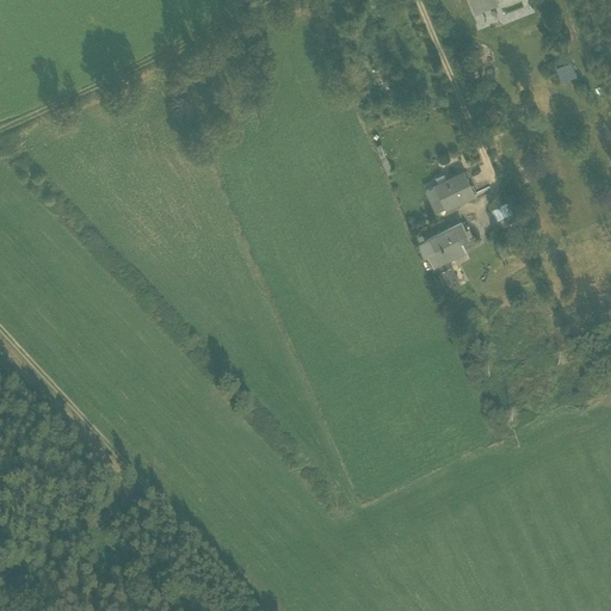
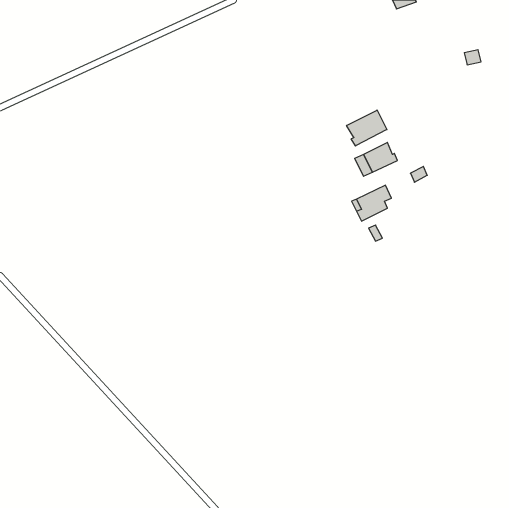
building: none -> [347,110,387,146]

